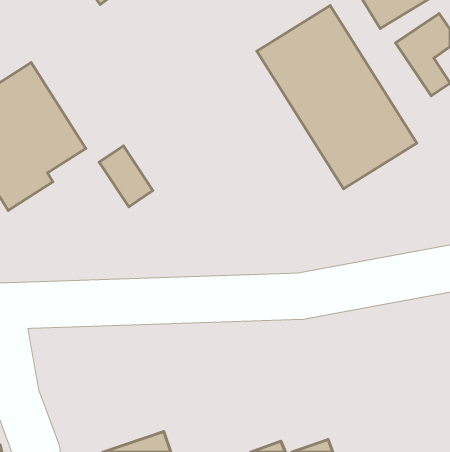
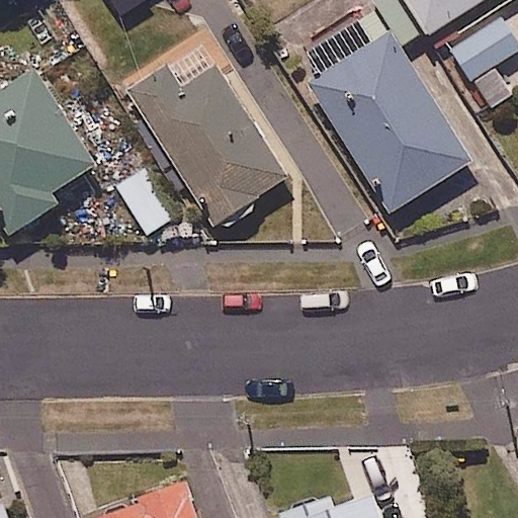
building: none -> [125,63,289,228]

